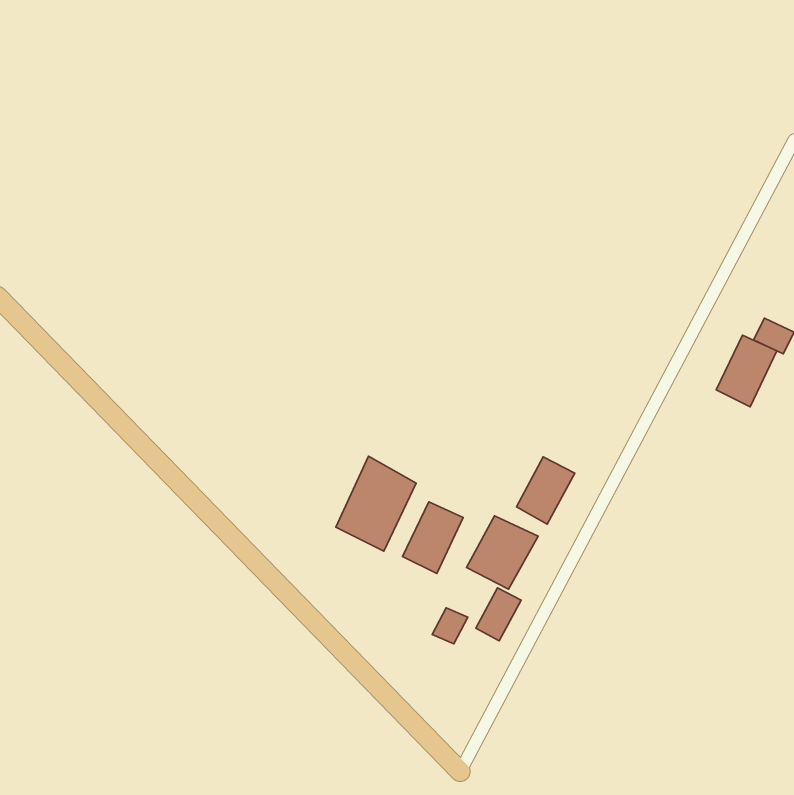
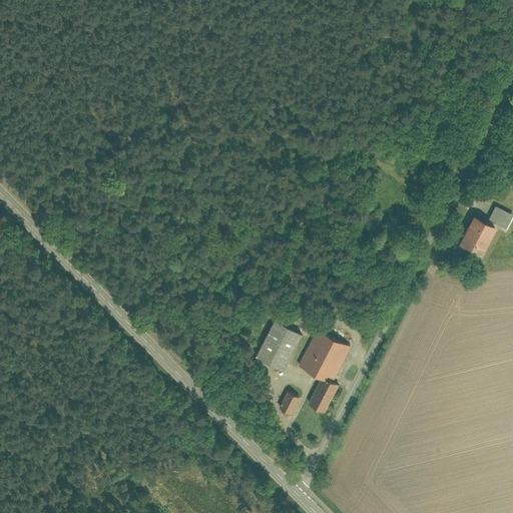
building: [336,456,416,551] -> none
building: [517,457,575,524] -> none

